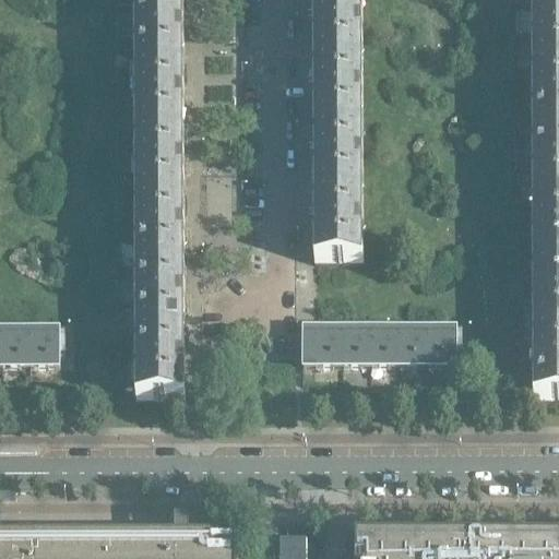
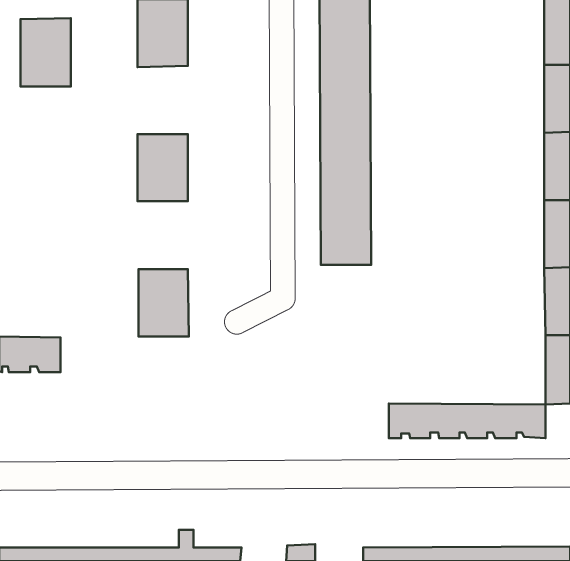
building: [134,64,183,131] -> [20,18,71,86]
building: [134,197,183,263] -> none
building: [135,329,185,396] -> none
building: [302,329,455,362] -> [389,403,545,438]

